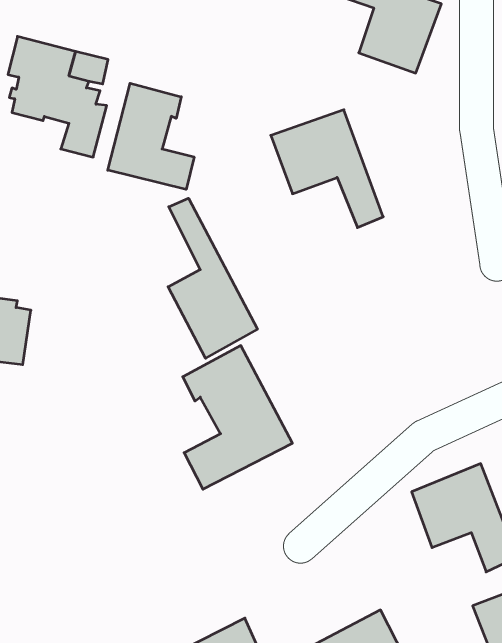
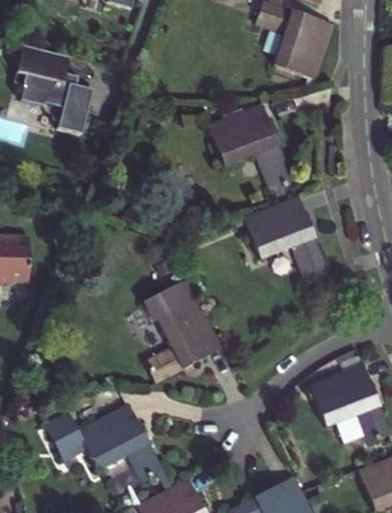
building: [108,83,194,189] -> none
building: [168,198,257,358] -> none
building: none -> [245,193,330,284]
building: none -> [43,406,162,482]

